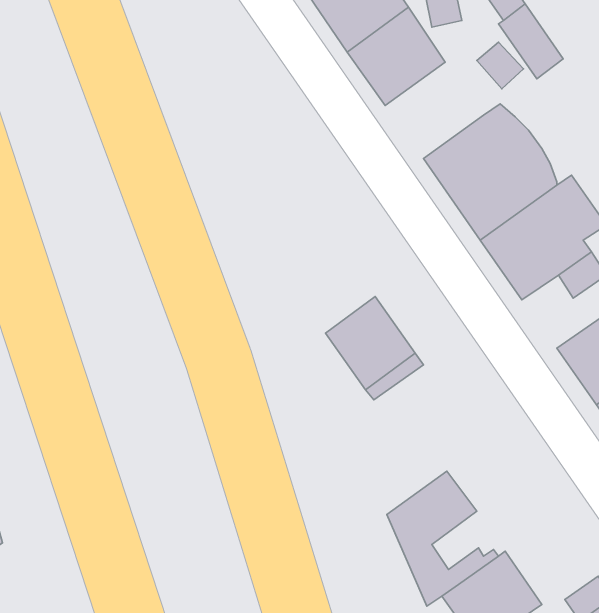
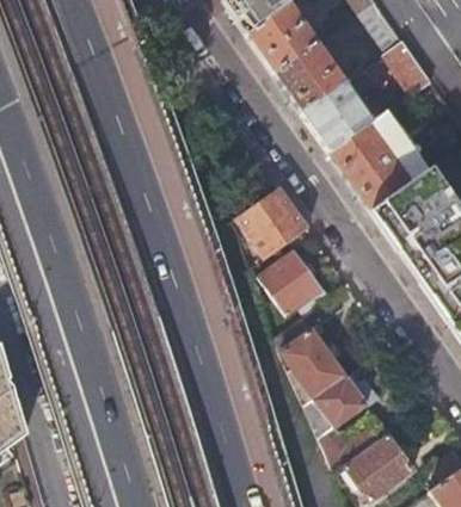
building: none -> [302,82,373,152]
building: none -> [236,187,309,260]
building: none -> [281,329,346,407]

